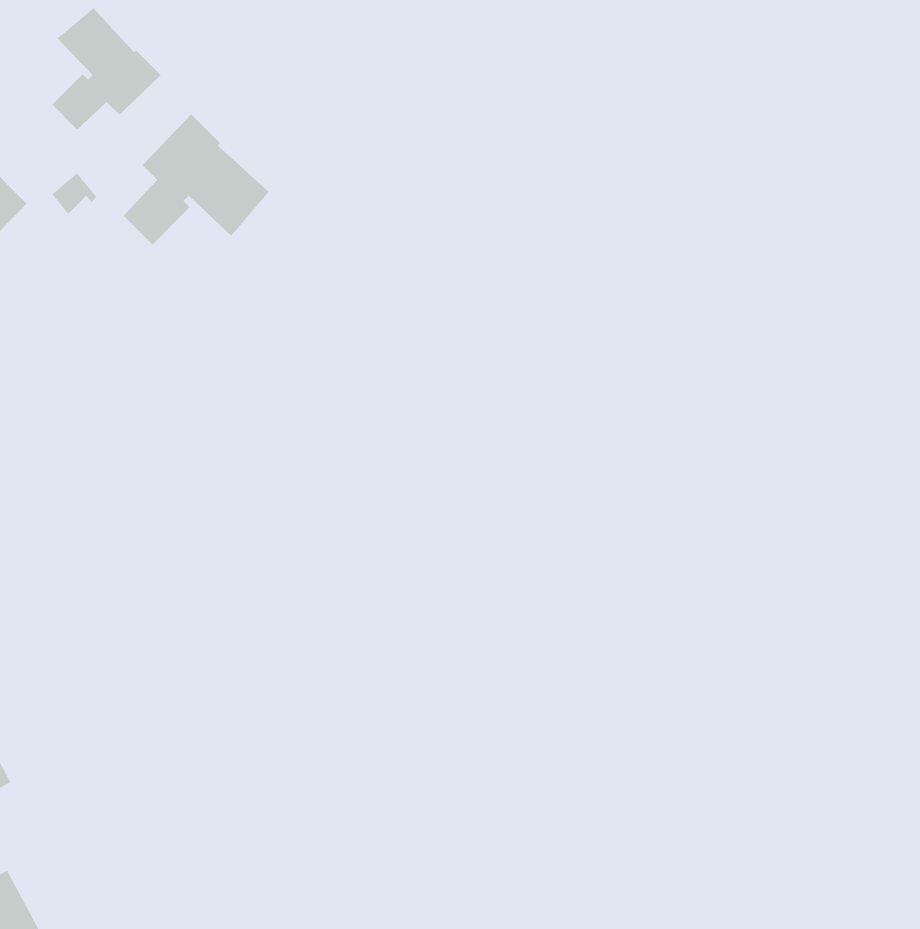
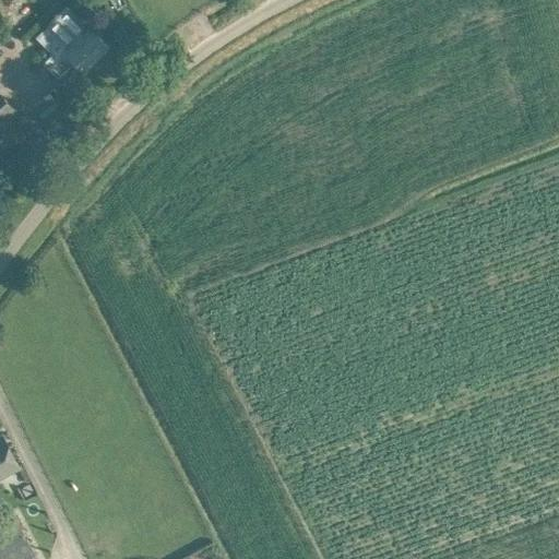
building: [123,114,269,245] -> none

